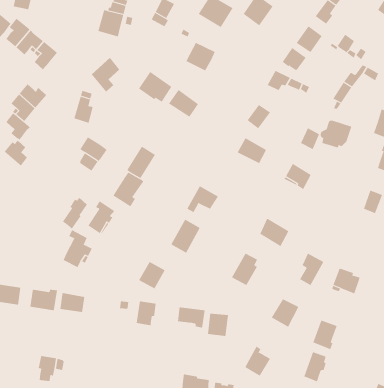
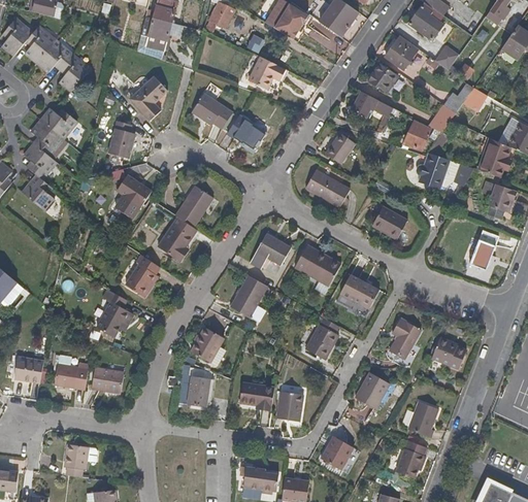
building: [300,127,320,150] -> [405,122,430,149]
building: none -> [293,244,339,287]
building: [62,197,88,230] -> none

